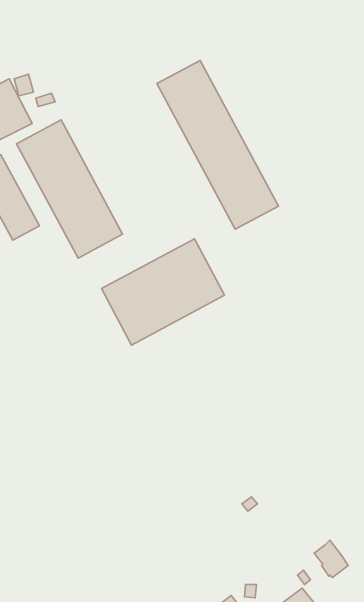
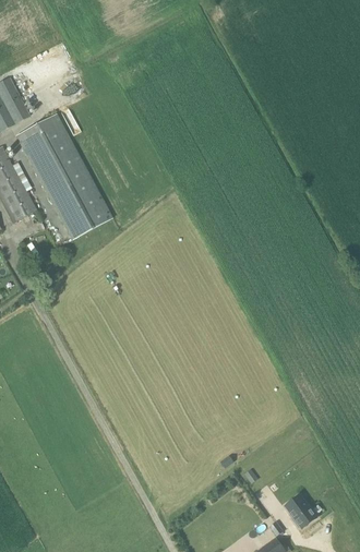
building: [157,61,278,229] -> none
building: [101,239,225,345] -> none

